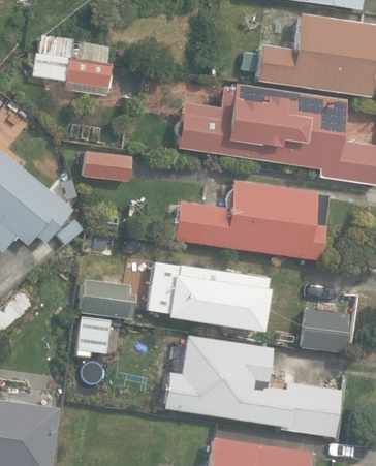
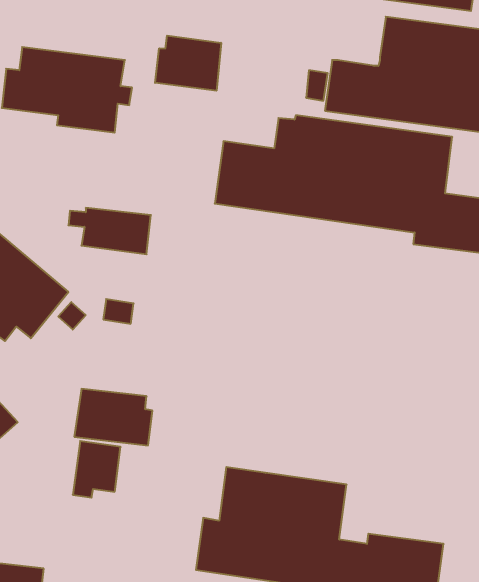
building: none -> [155,36,221,91]
building: [176,179,330,259] -> none
building: [145,261,271,329] -> none
building: [301,307,348,353] -> none

